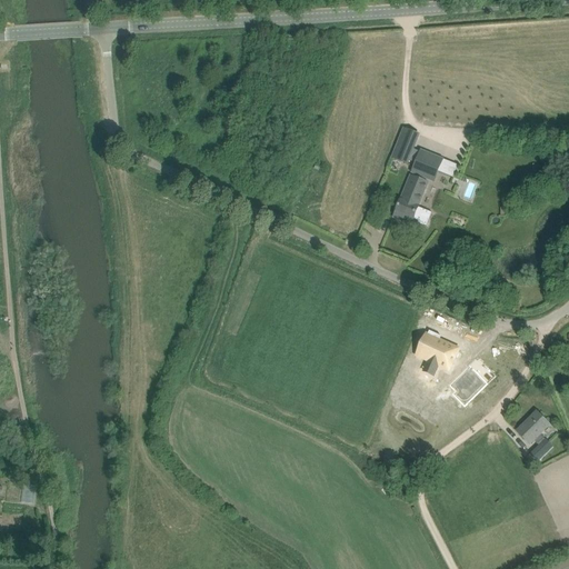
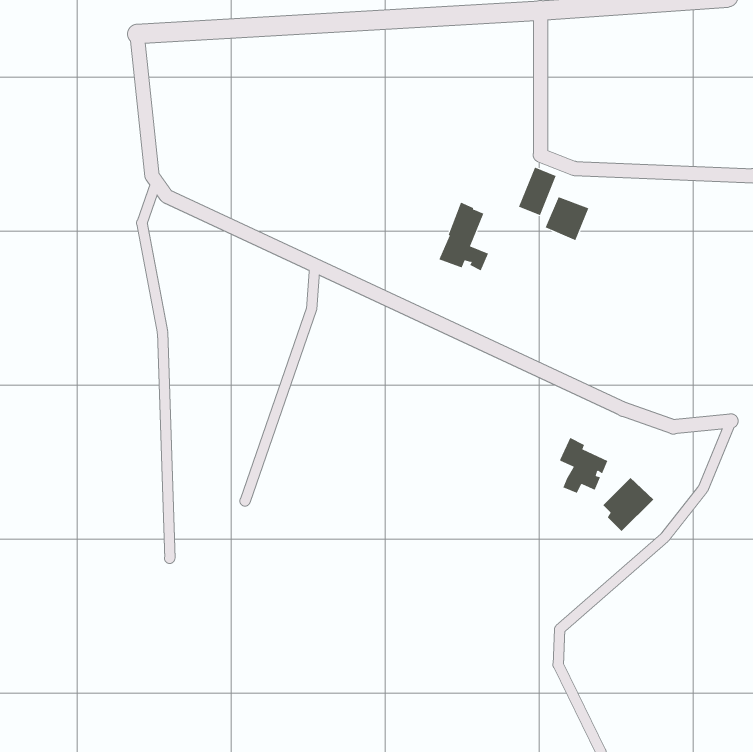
building: [392,172,430,224] -> [439,202,489,271]
building: [516,410,551,461] -> none

